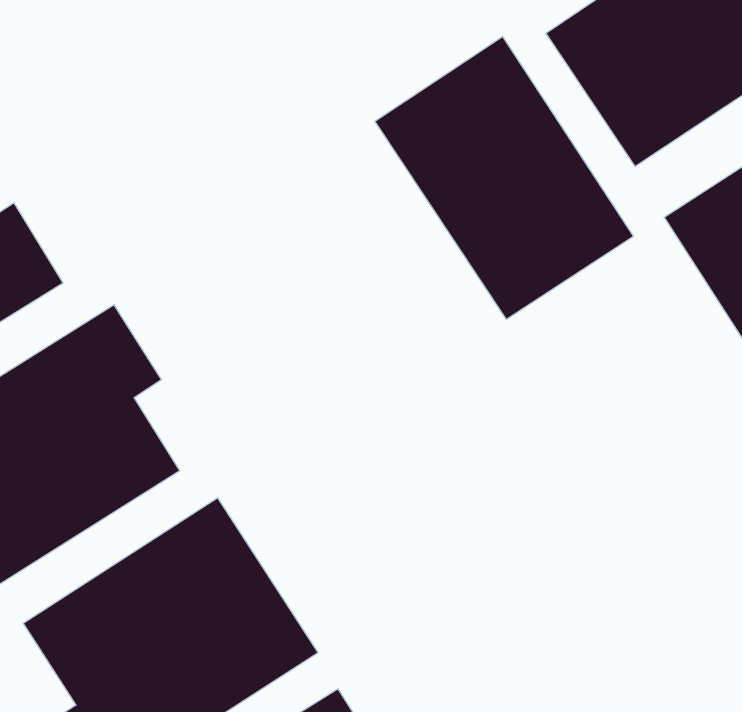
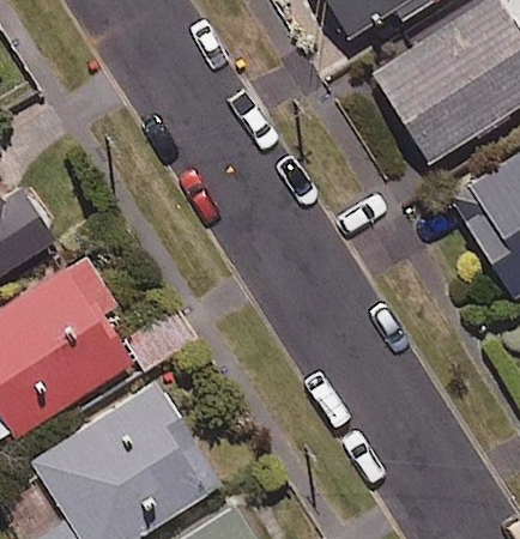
building: [375,36,633,319] -> none

